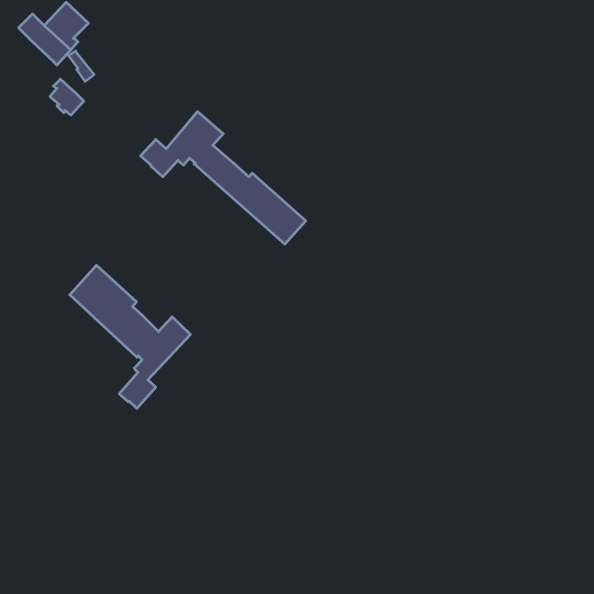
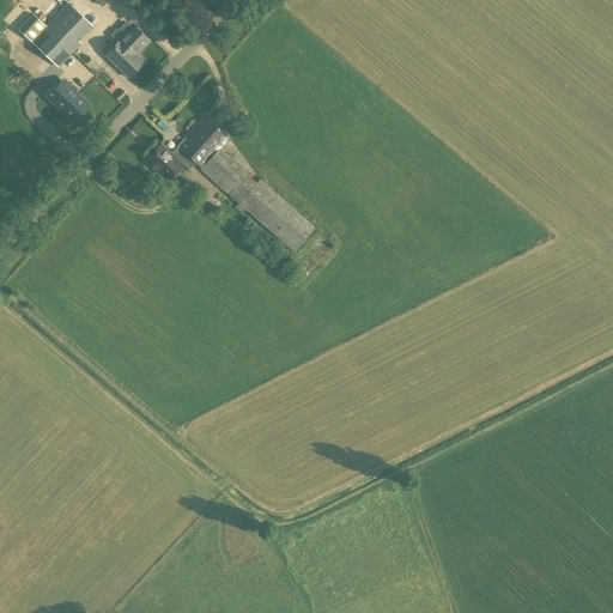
building: none -> [105,20,148,77]
building: [70,265,190,408] -> none

